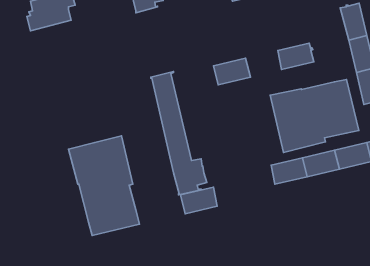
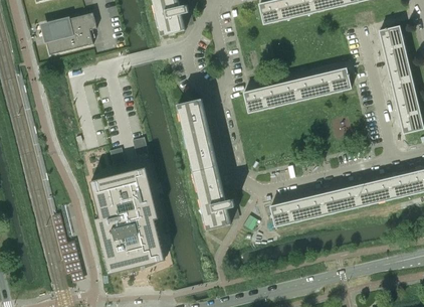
building: none -> [278,75,316,104]
building: [270,80,359,152] -> none
building: [180,187,217,214] -> [270,197,309,225]

